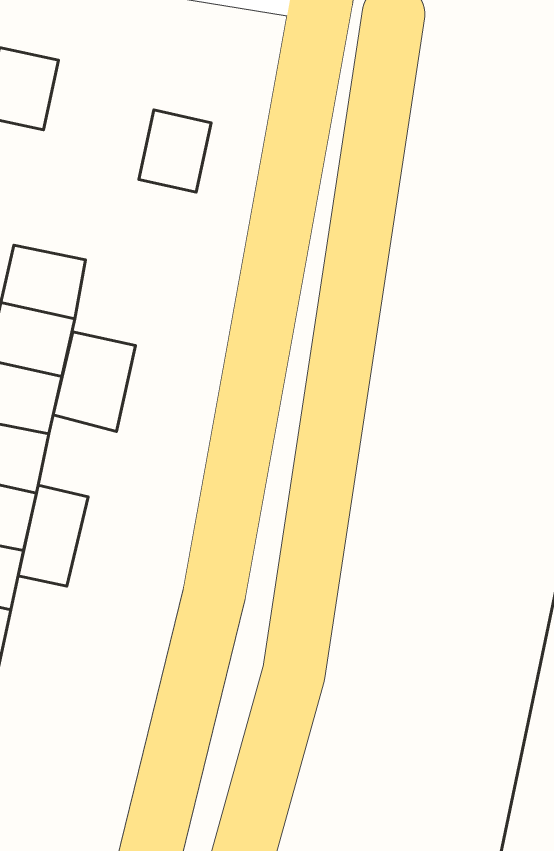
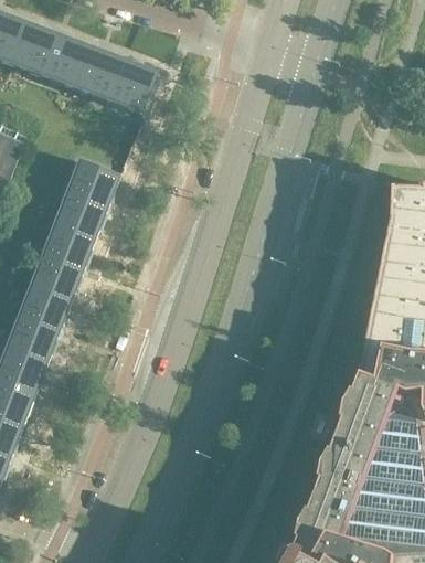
building: [139,110,211,192] -> [107,62,152,111]
building: [53,332,136,432] -> none
building: [18,485,88,586] -> none

